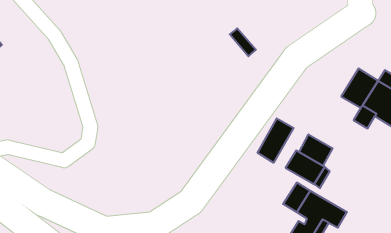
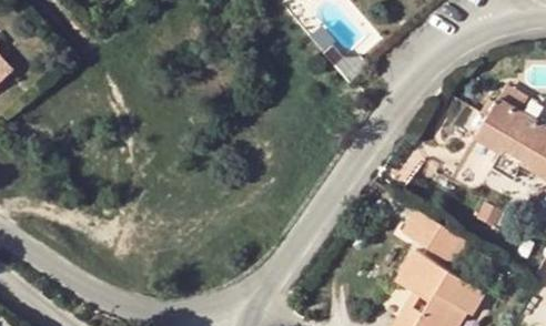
building: [258,118,294,163] -> none
building: [299,134,332,166] -> none

